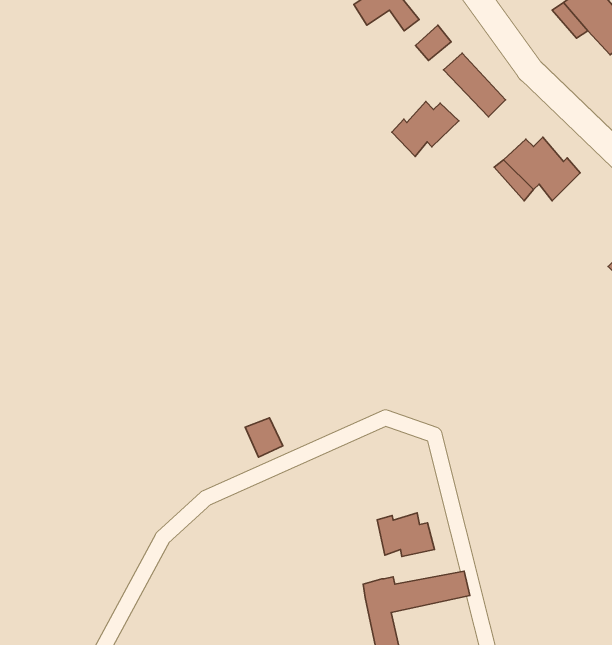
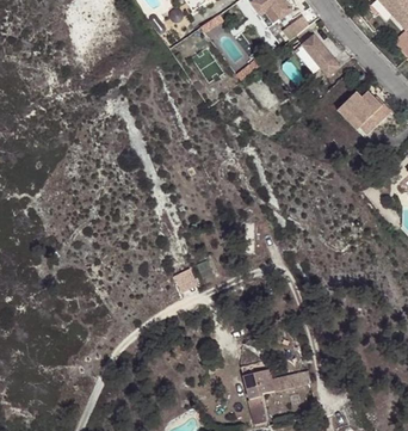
building: [392,101,459,157] -> none
building: [377,513,434,556] -> none

